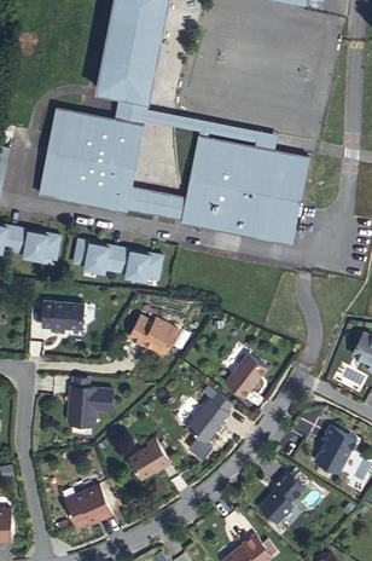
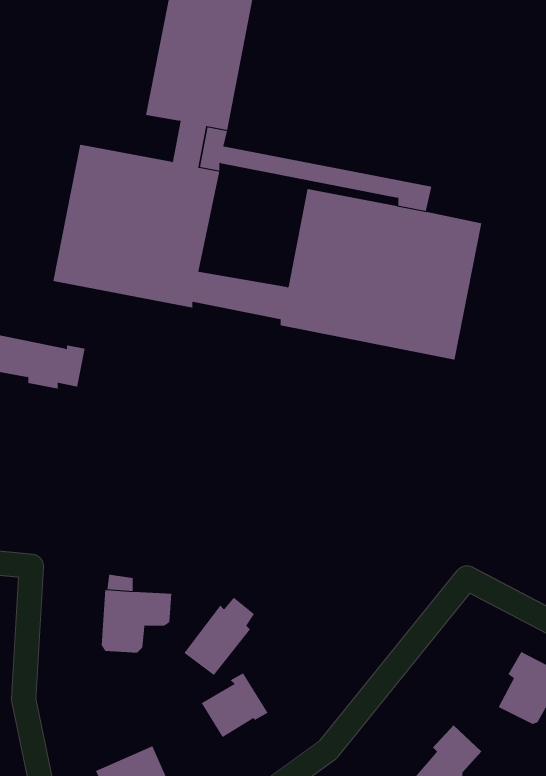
building: [70,239,159,280] -> none
building: [41,303,83,335] -> none
building: [128,318,178,355] -> none
building: [225,354,267,399] -> none
building: [187,393,232,443] -> [183,597,255,676]

